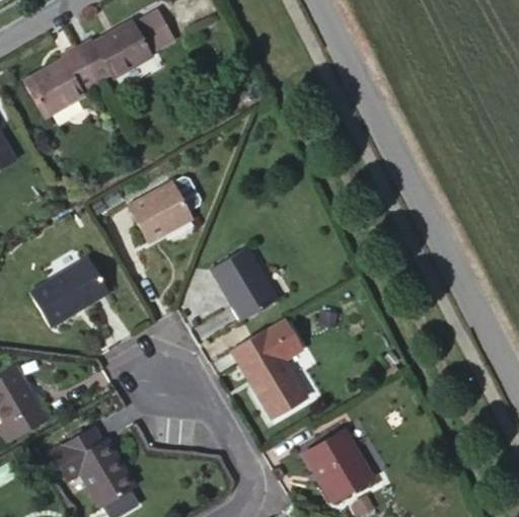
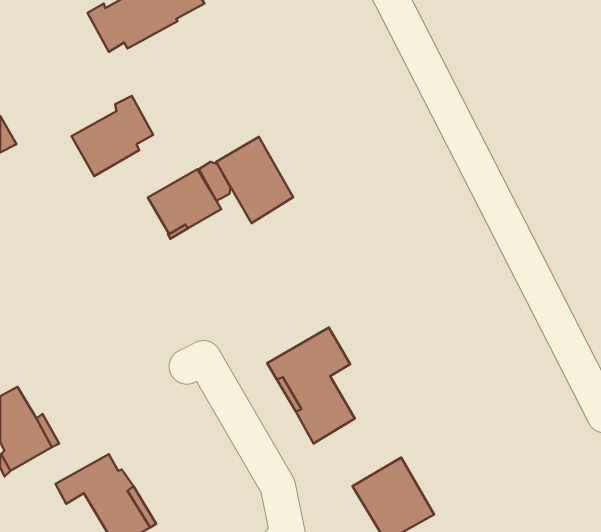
building: [24,49,94,118] -> [72,96,153,176]
building: [211,248,277,322] -> [216,137,293,223]
building: [29,257,108,327] -> none

